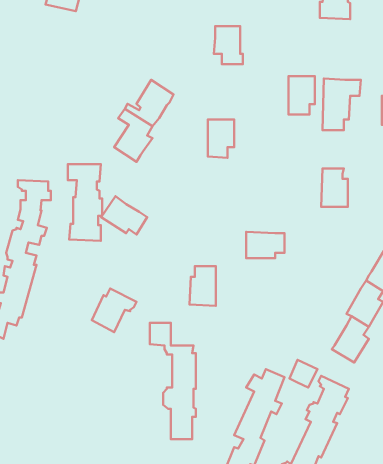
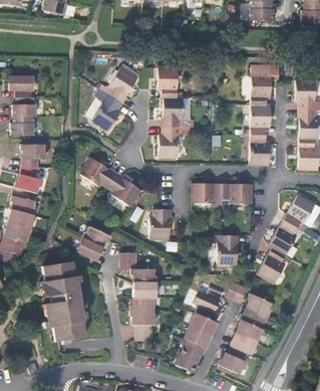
building: [214,26,243,64] -> [156,68,179,97]
building: [289,76,315,115] -> [250,106,270,135]
building: none -> [157,126,178,157]
building: [68,164,102,241] -> [9,76,35,135]
building: none -> [108,172,140,204]
building: none -> [221,184,251,204]
building: none -> [208,234,237,264]
building: none -> [38,261,83,343]

